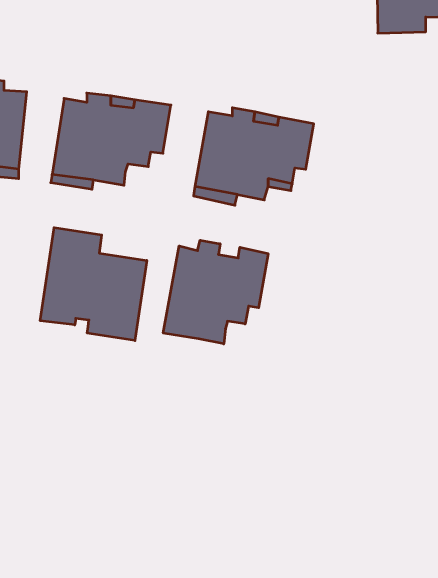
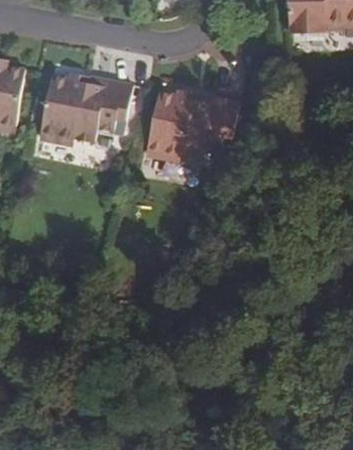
building: [40,228,147,341] -> none
building: [163,240,268,344] -> none

